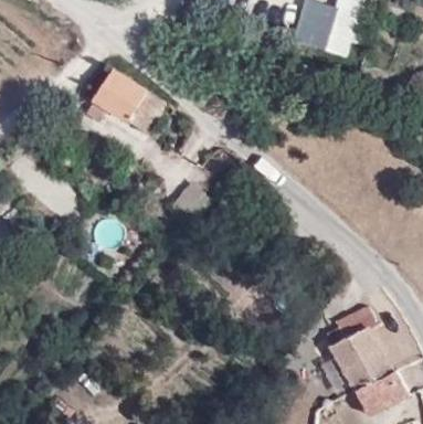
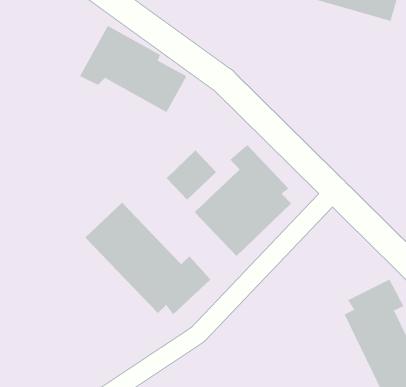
building: none -> [194,144,292,257]
building: none -> [84,202,211,315]

